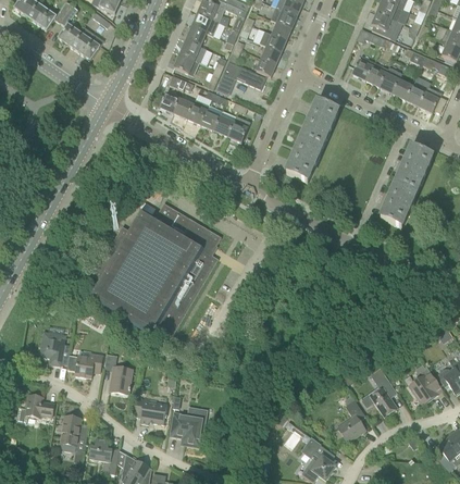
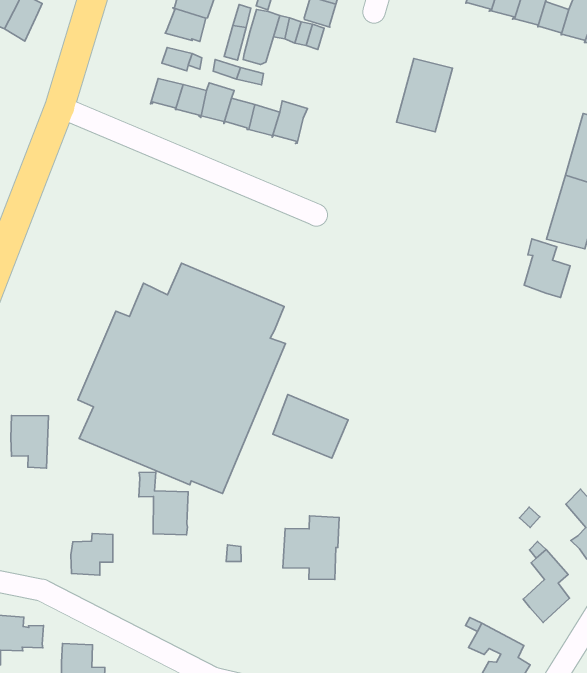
building: [286,137,323,182] -> none
building: none -> [524,239,570,297]
building: none -> [273,394,348,458]
building: [40,331,65,364] -> [11,415,49,468]
building: [103,353,133,394] -> [139,472,188,535]
building: [134,395,166,423] -> none
building: [170,407,207,446] -> [283,516,339,579]

